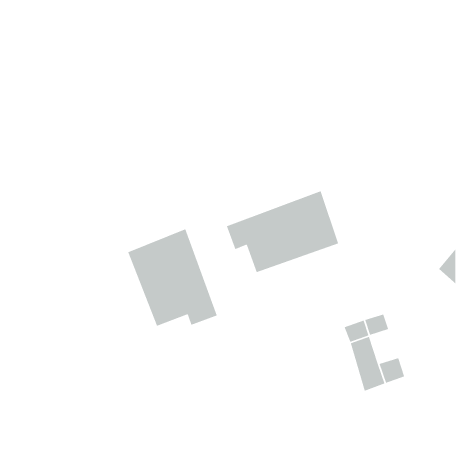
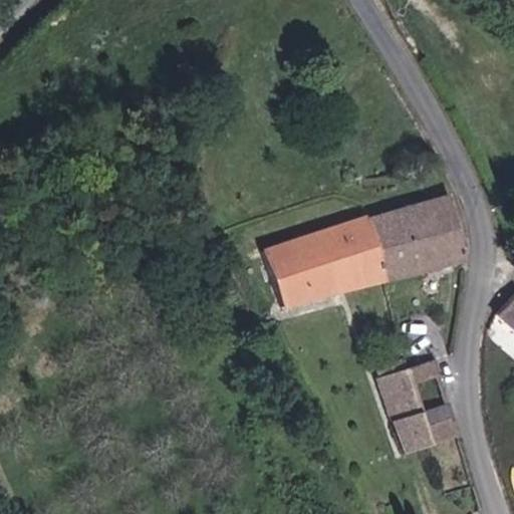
building: none -> [361,191,464,281]
building: [127,228,218,327] -> none

